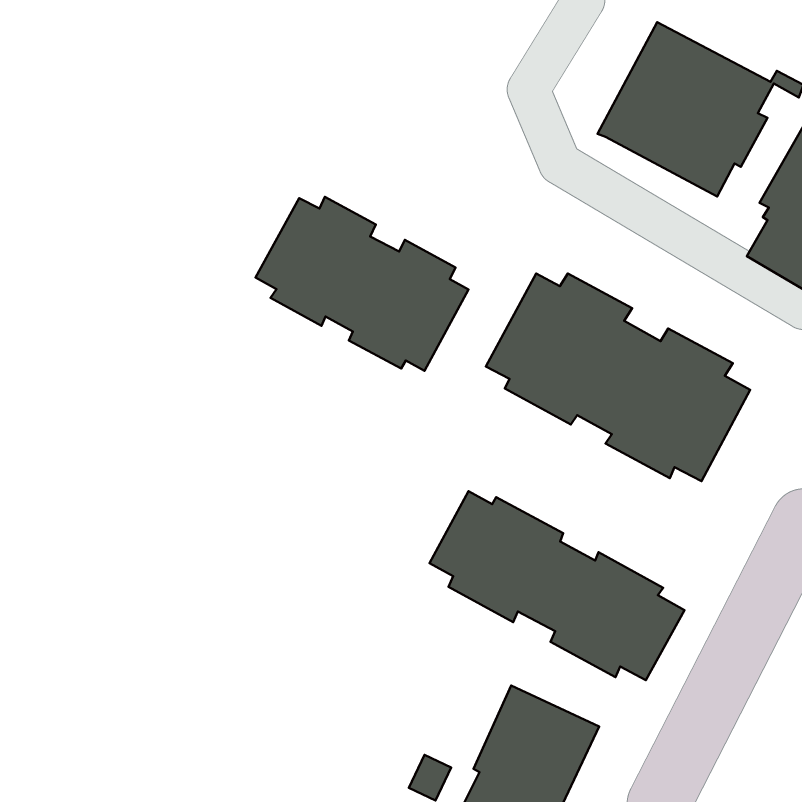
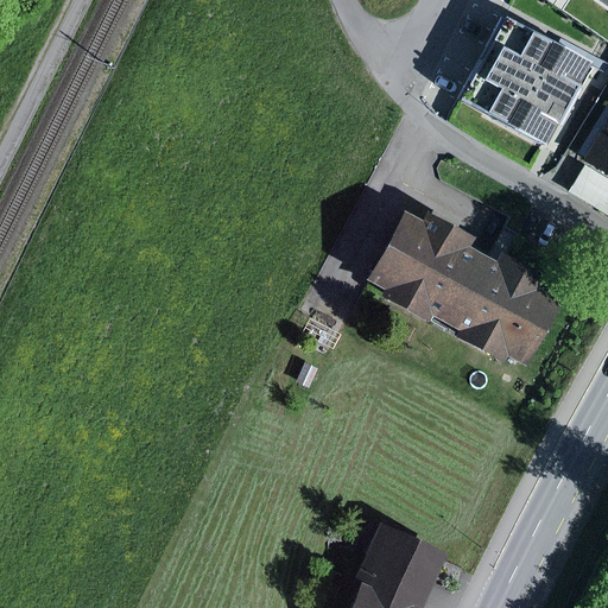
building: [256,197,468,371] -> none
building: [429,491,685,680] -> none

